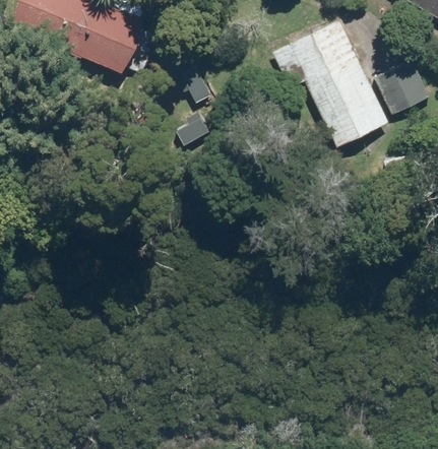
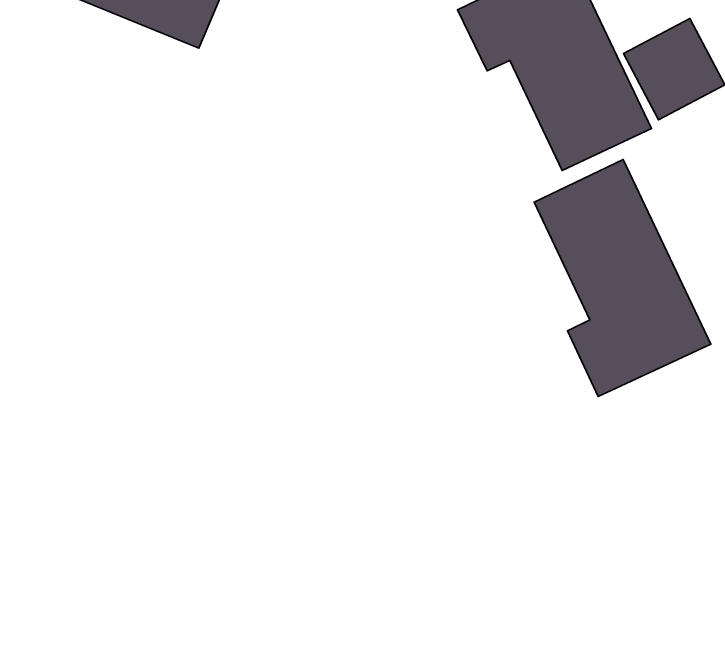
building: none -> [534,159,711,397]

